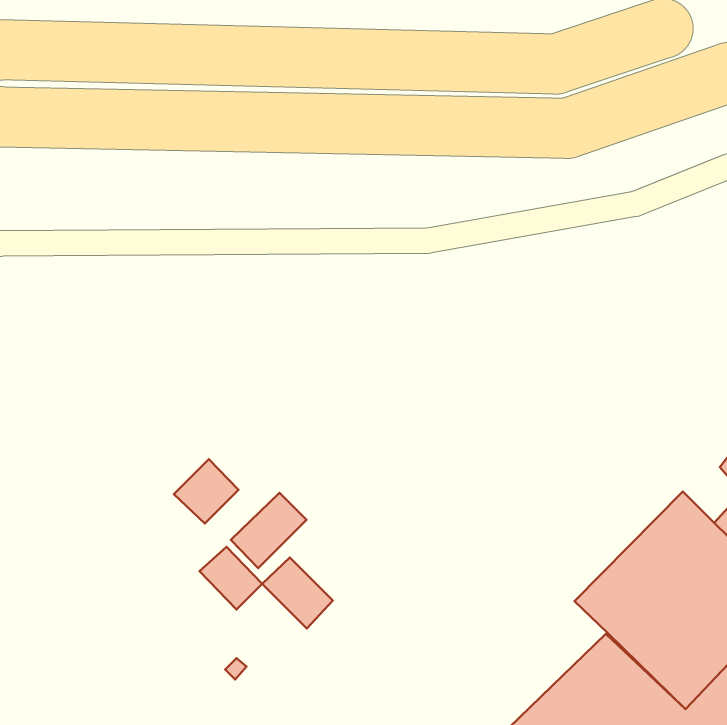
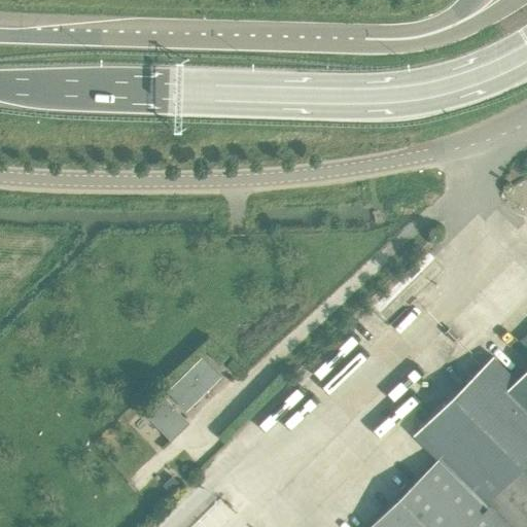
building: [174,459,239,524] -> none
building: [262,558,333,629] -> none

